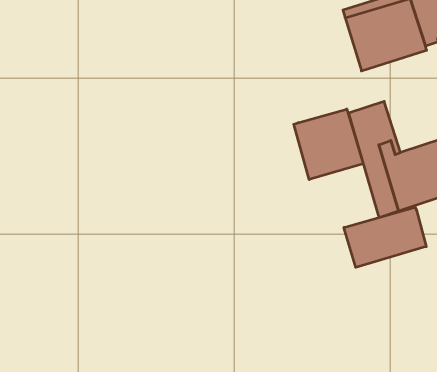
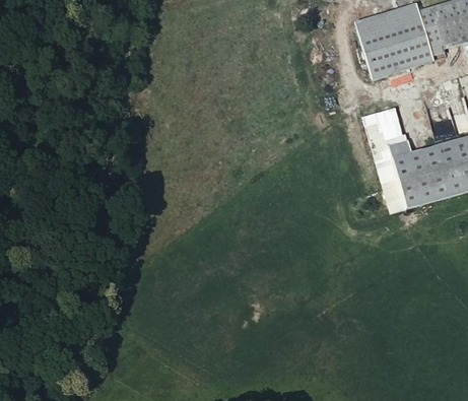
building: [294,109,363,180] -> none
building: [344,207,426,267] -> none

